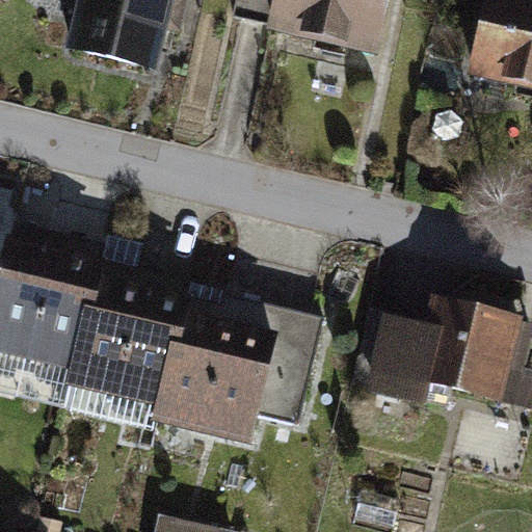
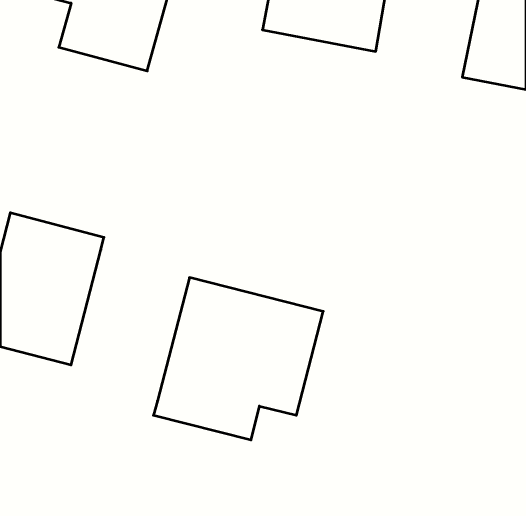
building: [69,252,192,405] -> none
building: [360,296,525,408] -> none

